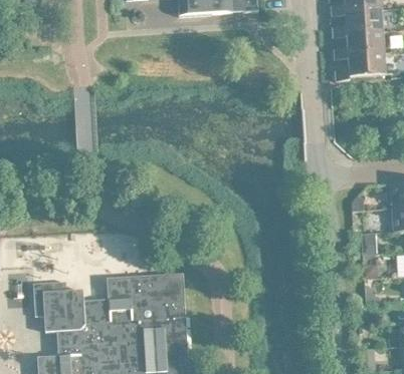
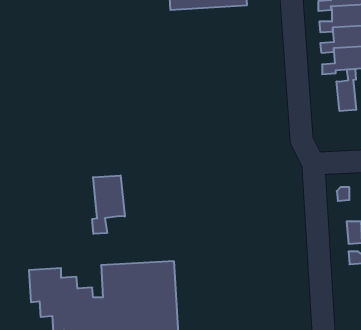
building: none -> [337,69,356,111]
building: none -> [92,175,125,234]

